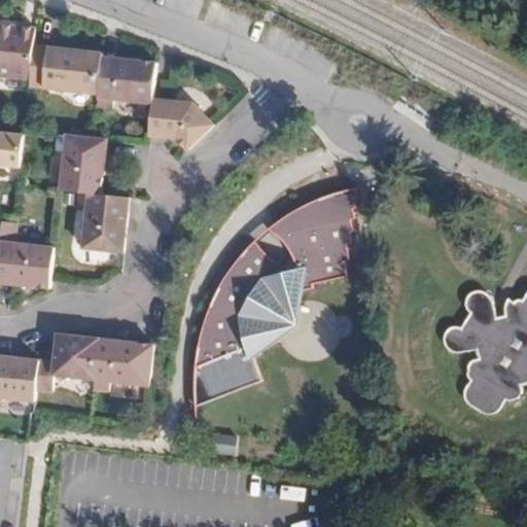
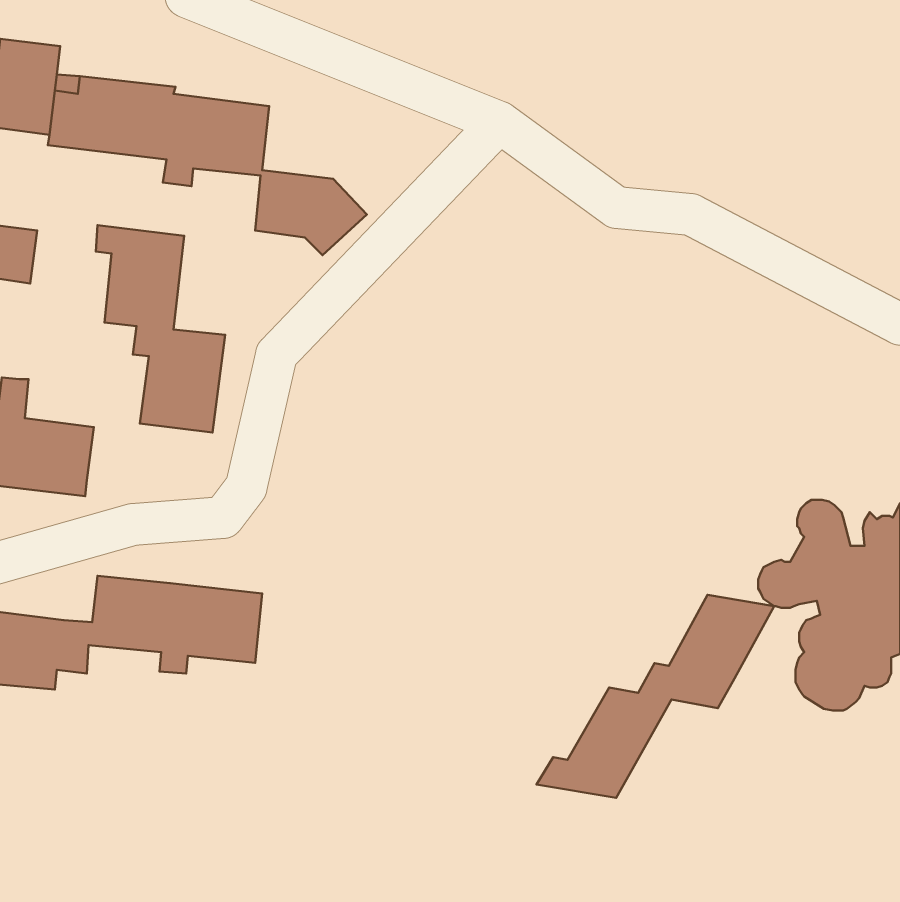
building: [194,194,363,403] -> none
building: none -> [536,595,774,798]

